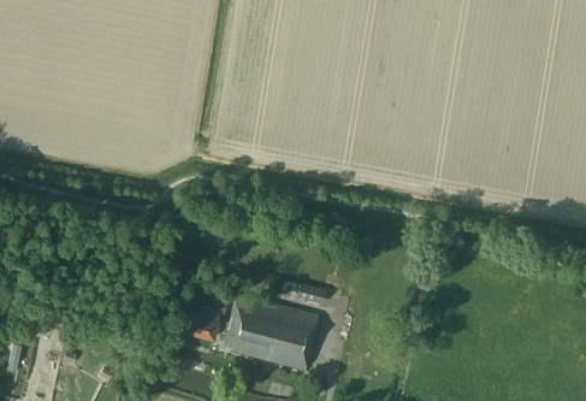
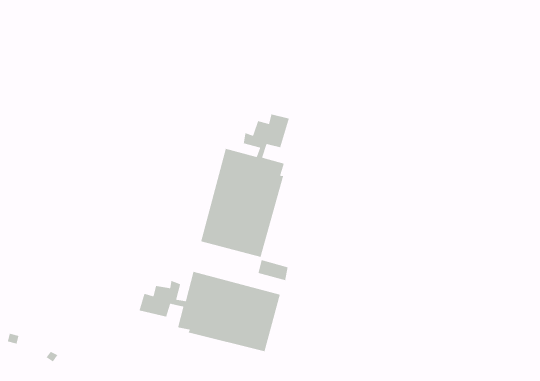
building: none -> [200,114,290,258]

